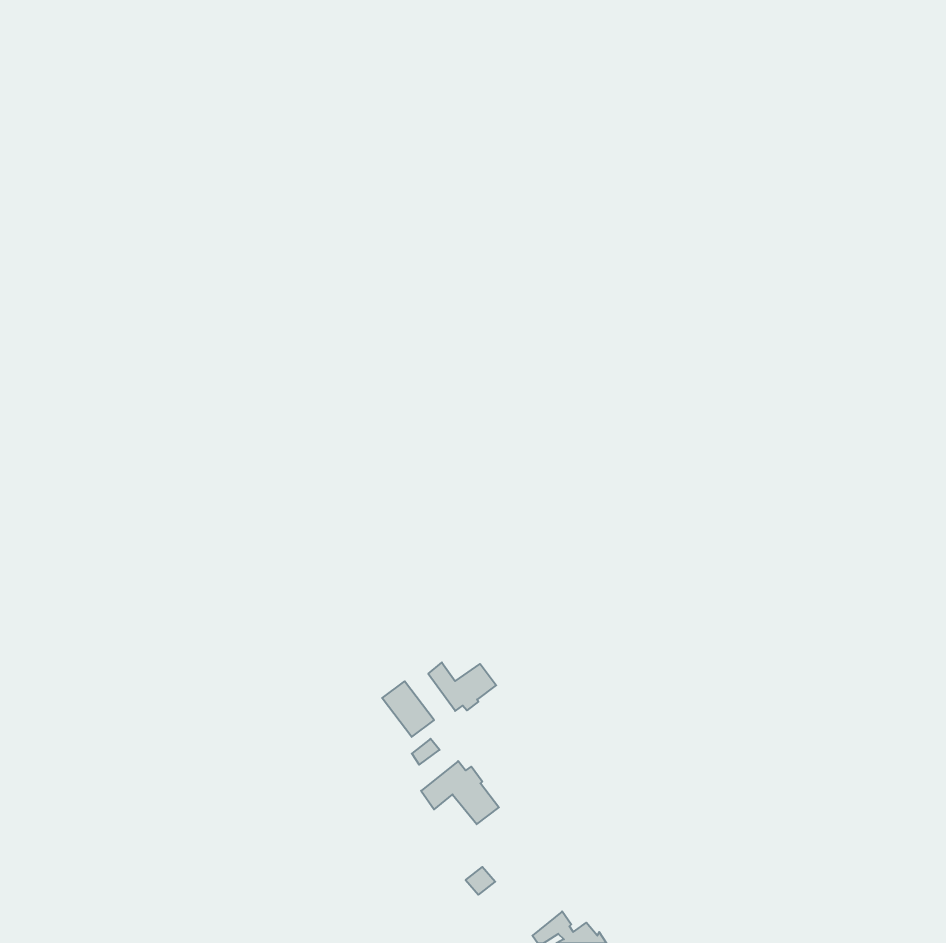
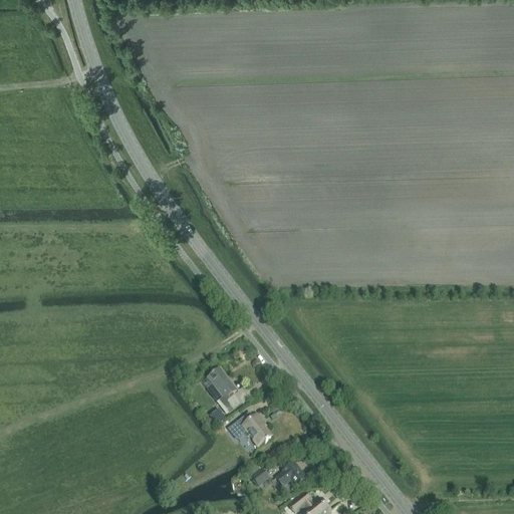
building: [428,662,496,711] -> none
building: none -> [277,462,306,487]

